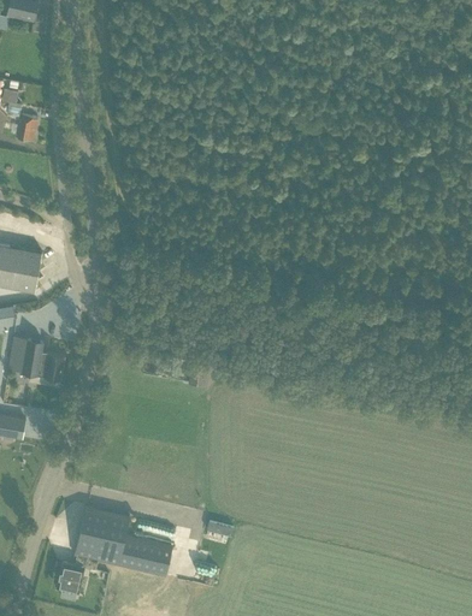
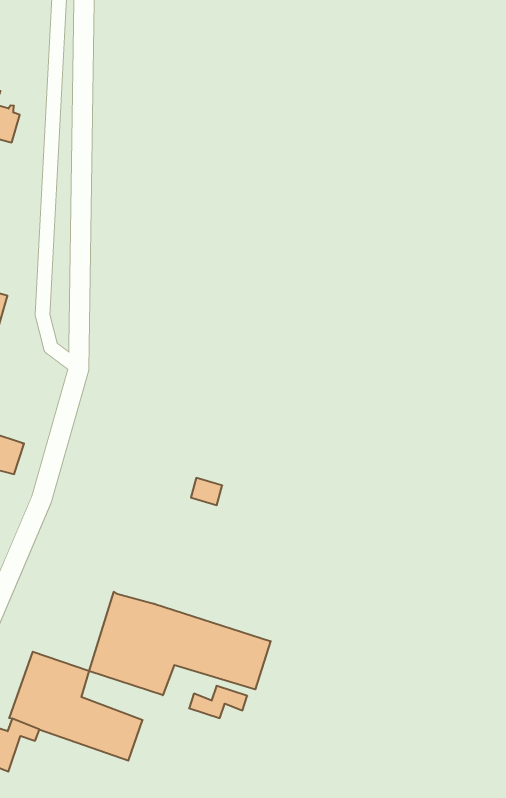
building: none -> [89,592,271,695]

